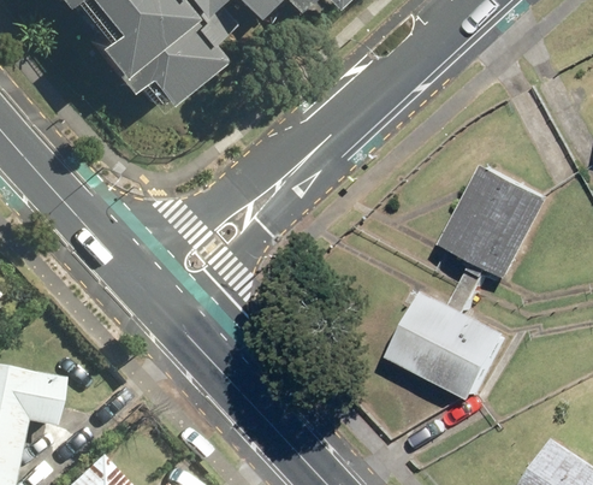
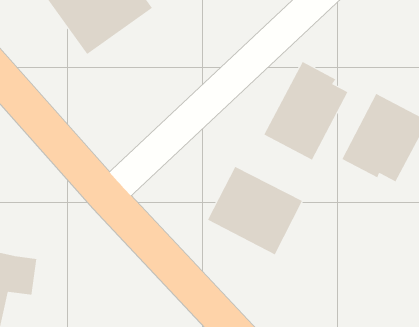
building: none -> [263,61,348,160]
building: [391,291,511,403] -> [207,166,303,255]

